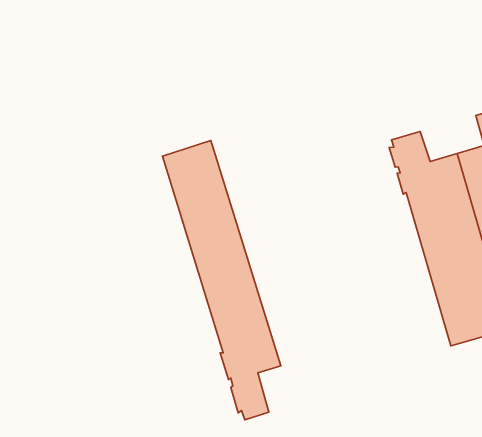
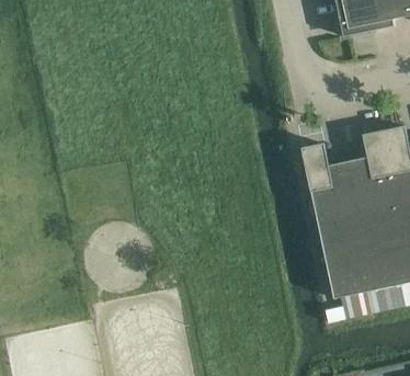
building: [162,140,281,420] -> none

